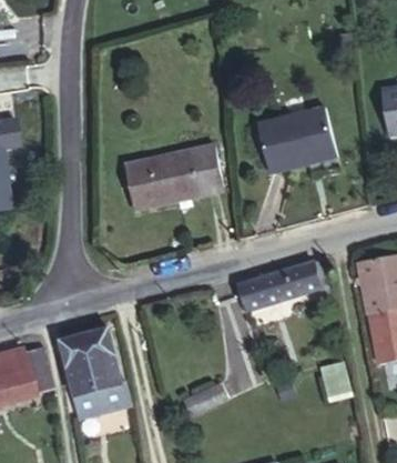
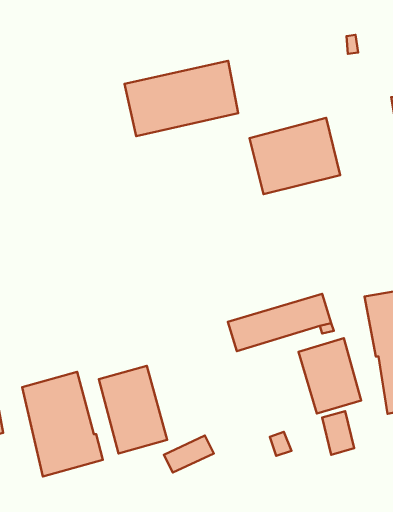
building: [125,144,224,210] -> [125,61,238,136]
building: none -> [299,338,361,414]
building: none -> [99,366,167,454]

